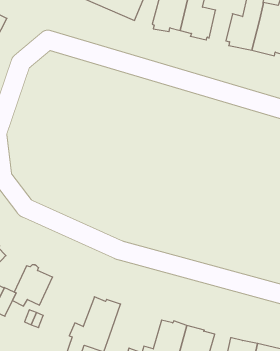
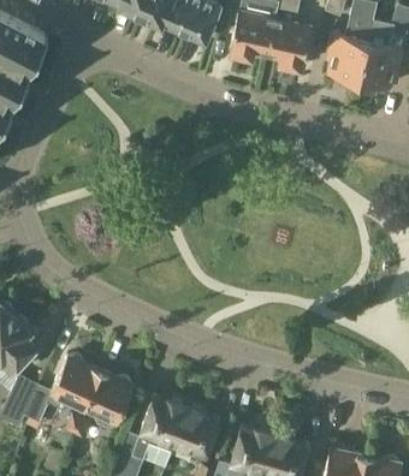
building: none -> [84,371,134,427]
building: none -> [174,406,221,459]

